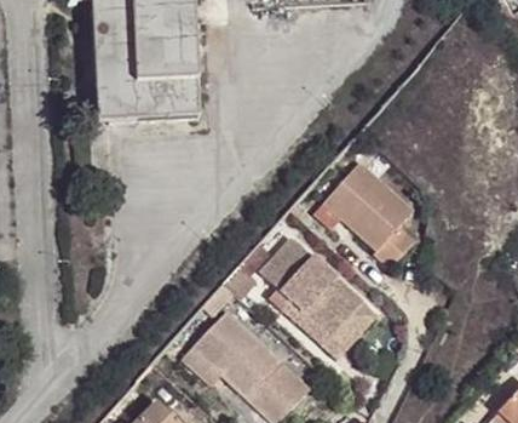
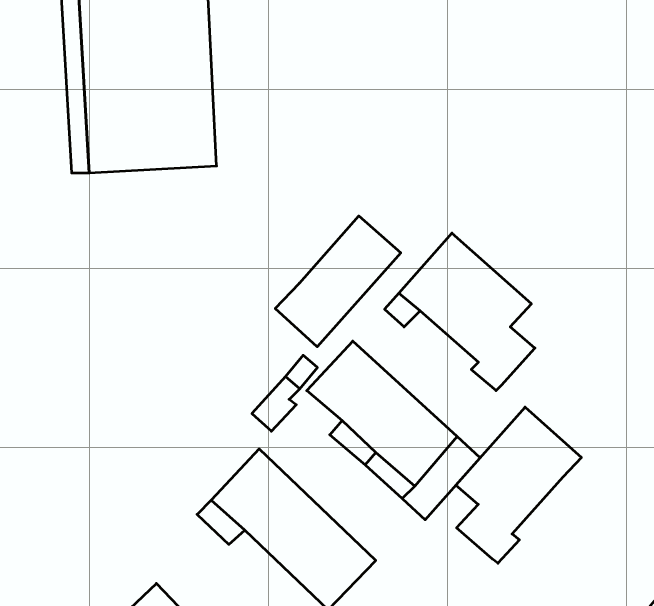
building: none -> [275,216,401,347]
building: none -> [456,407,581,563]

